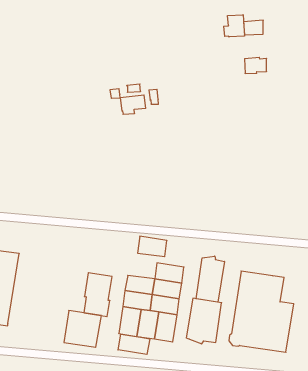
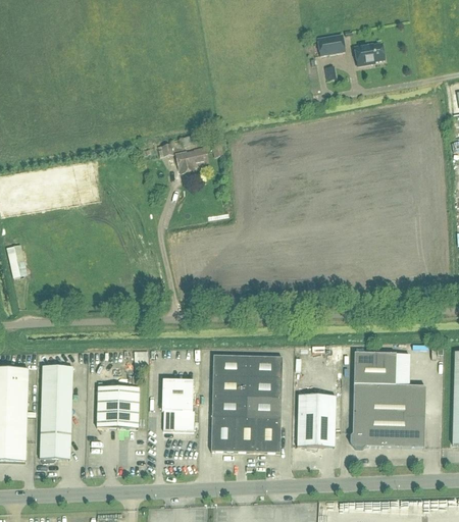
building: [224,15,244,37] -> none
building: [245,57,267,73] -> [354,42,384,64]
building: [138,236,167,257] -> [212,354,247,375]
building: [196,256,224,302] -> none
building: [64,311,101,347] -> [96,385,139,427]
building: [118,334,150,354] -> none

